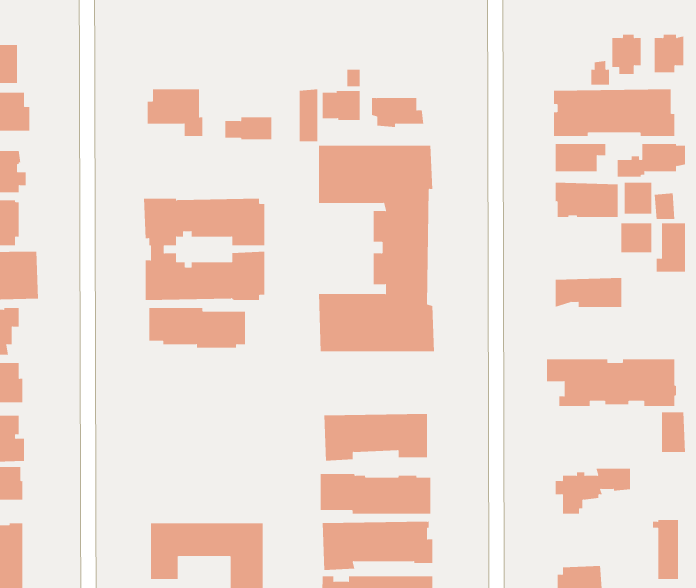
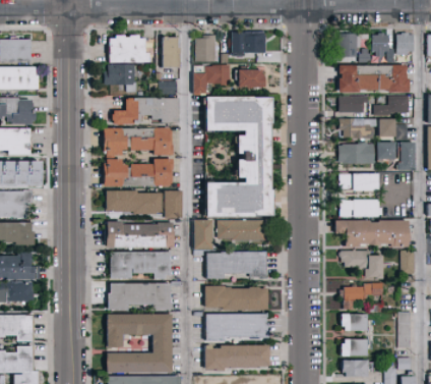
building: none -> [231,31,264,52]
building: none -> [335,33,369,57]
building: none -> [193,34,214,61]
building: none -> [108,35,150,62]
building: none -> [161,36,180,67]
building: none -> [112,98,179,124]
building: none -> [338,142,375,163]
building: none -> [165,190,183,218]
building: none -> [340,200,382,217]
building: none -> [194,220,213,250]
building: none -> [218,220,266,240]
building: none -> [107,222,174,248]
building: none -> [340,250,385,279]
building: none -> [110,252,170,279]
building: none -> [108,283,172,310]
building: none -> [341,314,366,331]

